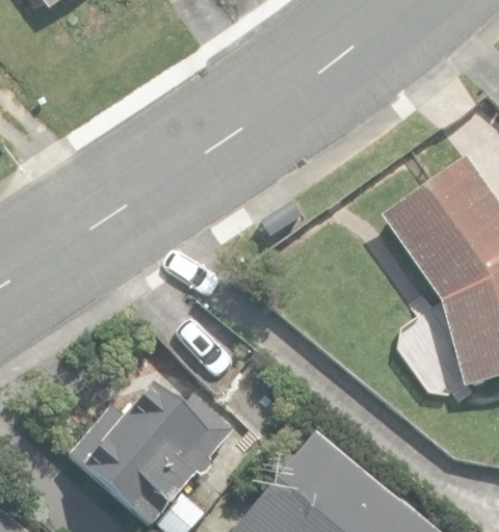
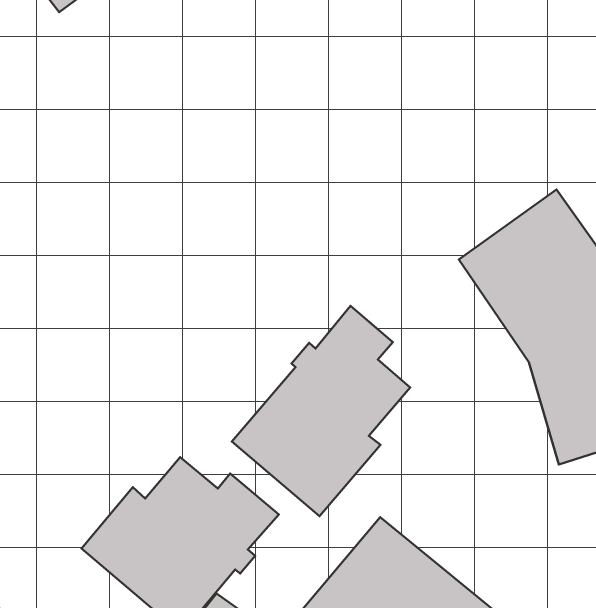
building: none -> [232,306,410,516]

